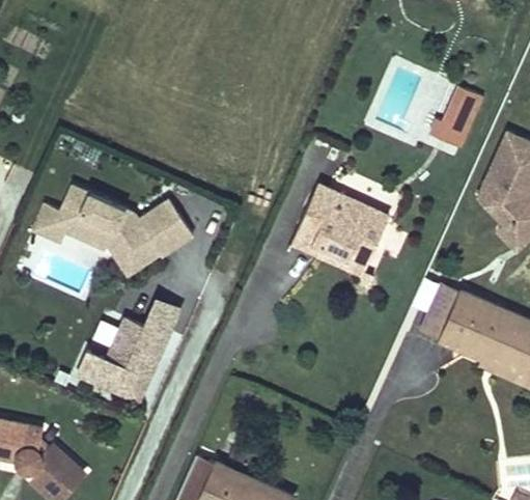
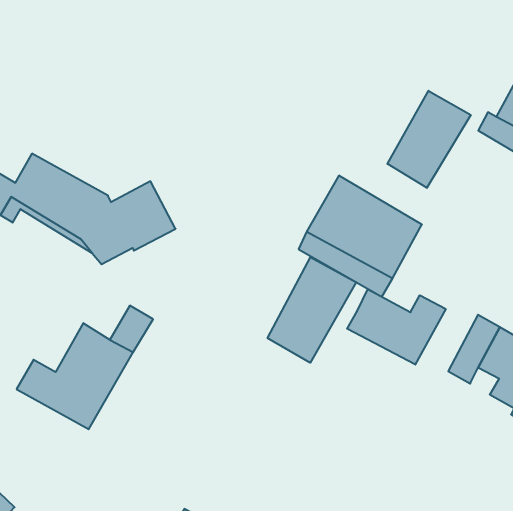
building: none -> [387,91,471,188]
building: none -> [268,257,356,363]
building: none -> [347,289,446,365]

